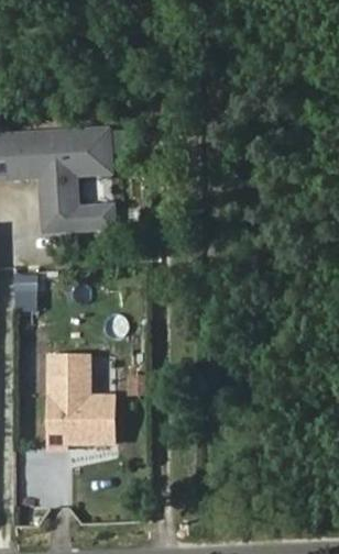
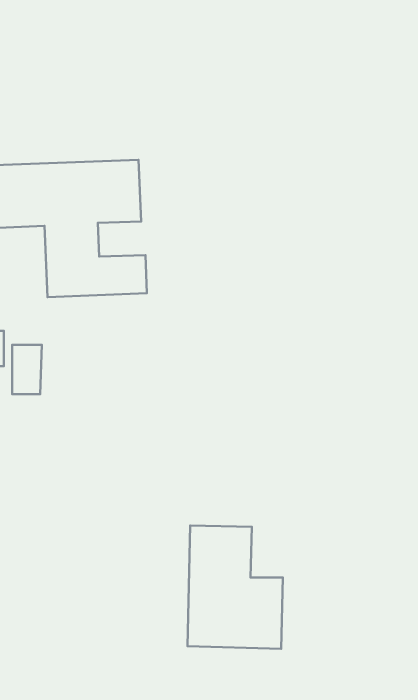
building: [44,352,119,448] -> [187,525,283,649]

